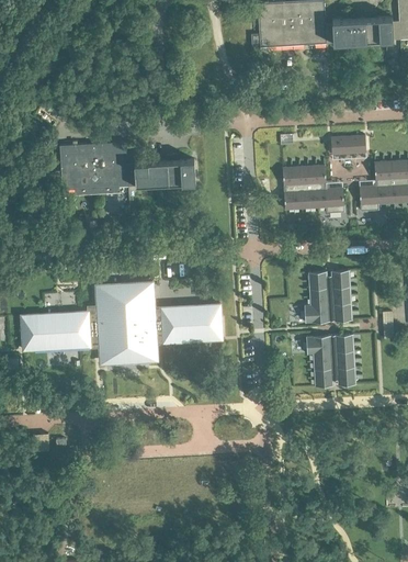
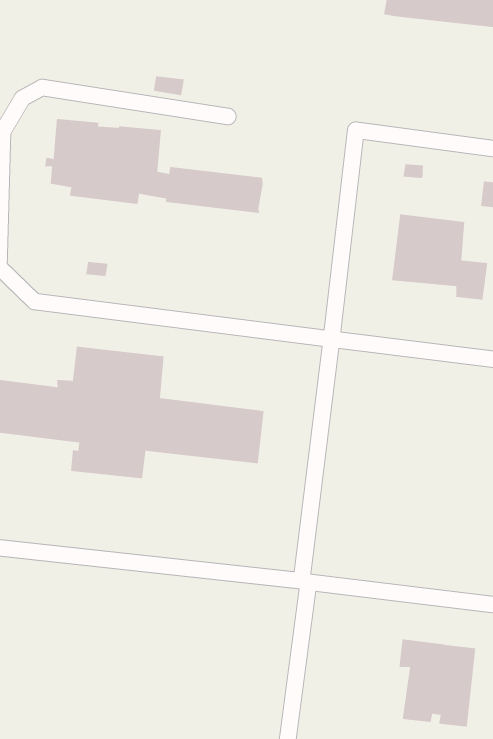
building: [304,270,352,324] -> none
building: [306,335,356,387] -> [399,638,476,728]

